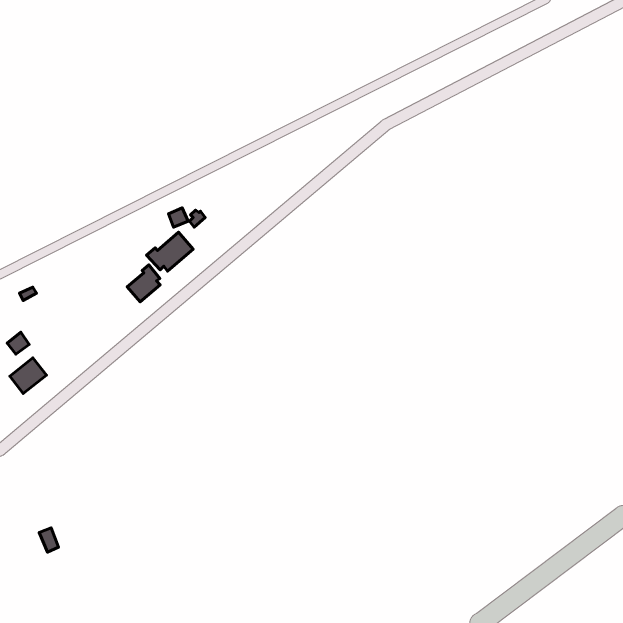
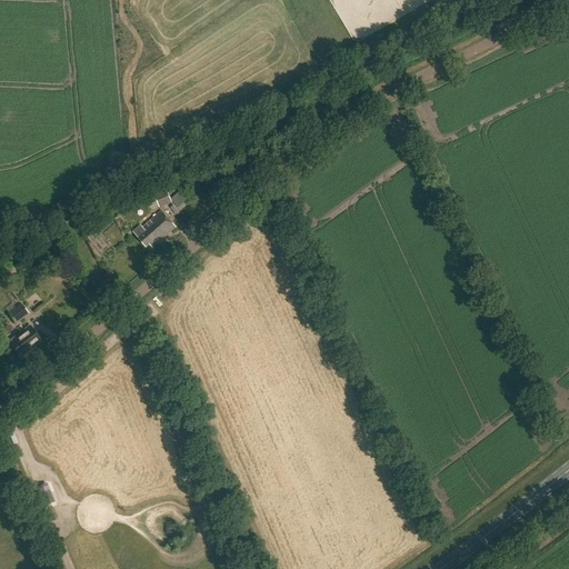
building: [127,265,160,302] -> none

